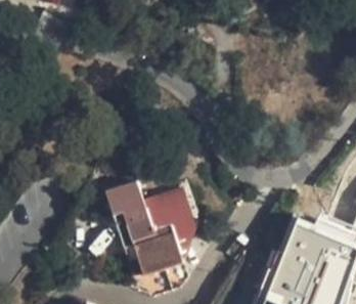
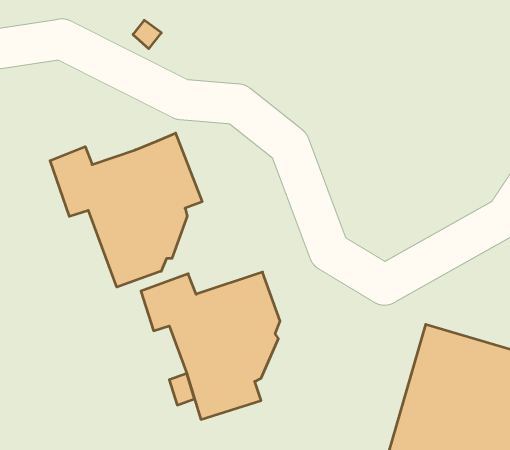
building: none -> [50,133,202,287]

